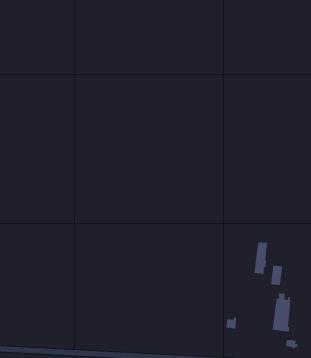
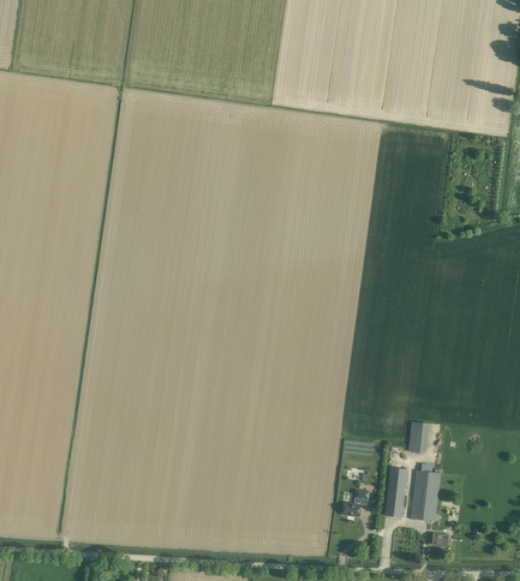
building: [253,242,268,274] -> [385,468,407,516]

